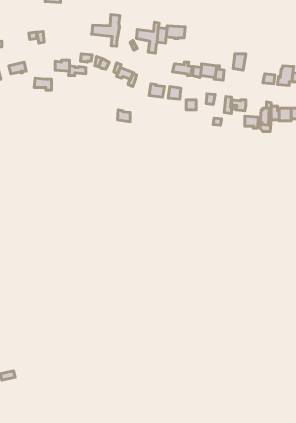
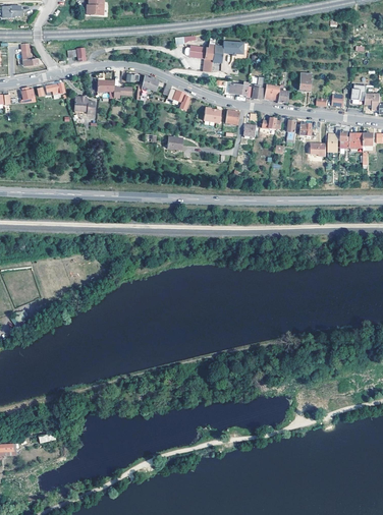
building: [92,15,120,46] -> none

